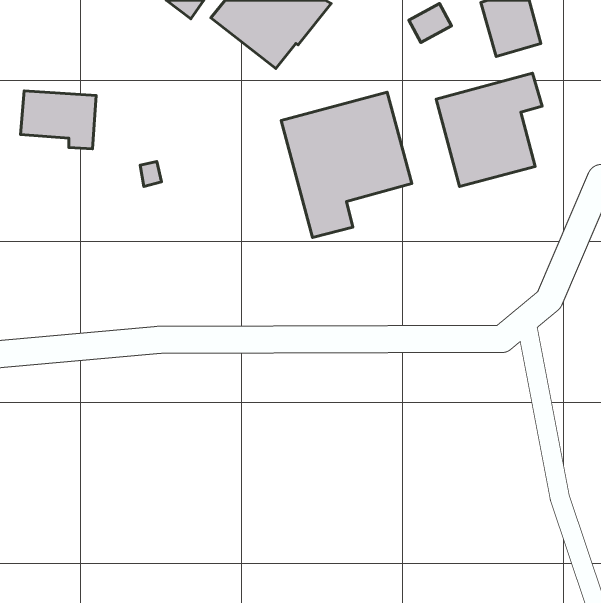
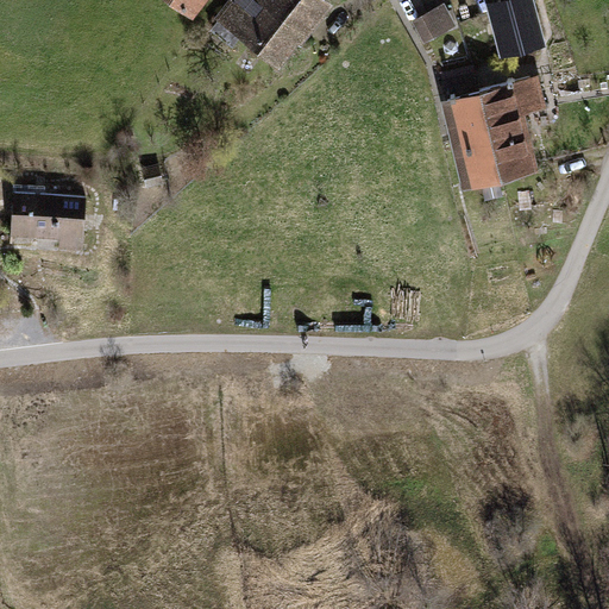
building: [21,91,96,149] -> [10,192,86,250]
building: [281,92,412,237] -> none

